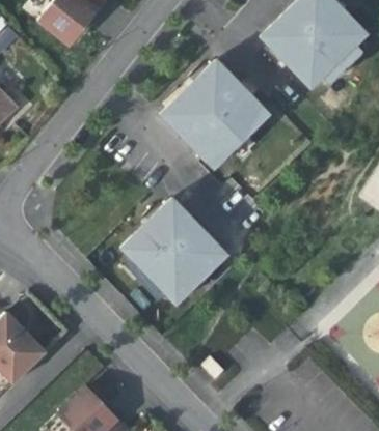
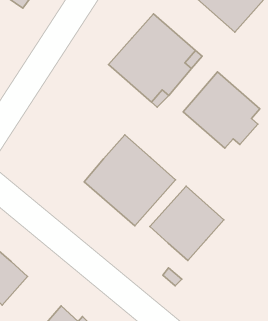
building: none -> [183,72,260,148]
building: none -> [150,186,224,261]

